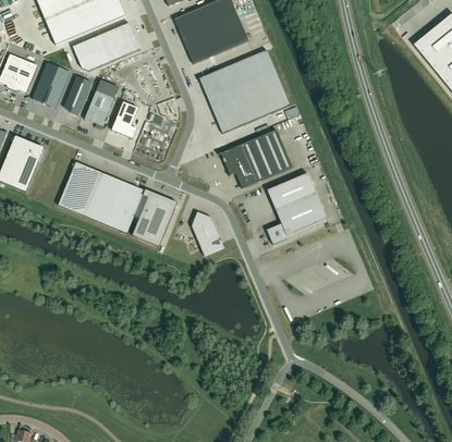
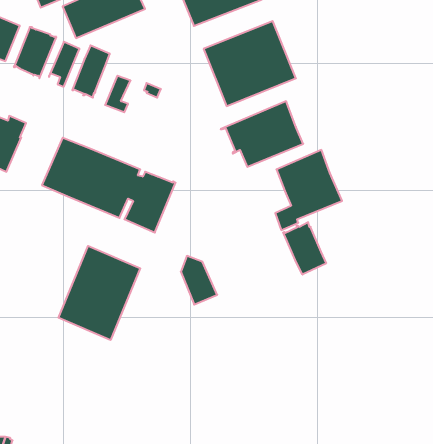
building: [191,211,223,255] -> [181,256,217,305]
building: none -> [283,222,326,275]
building: none -> [58,246,140,340]

